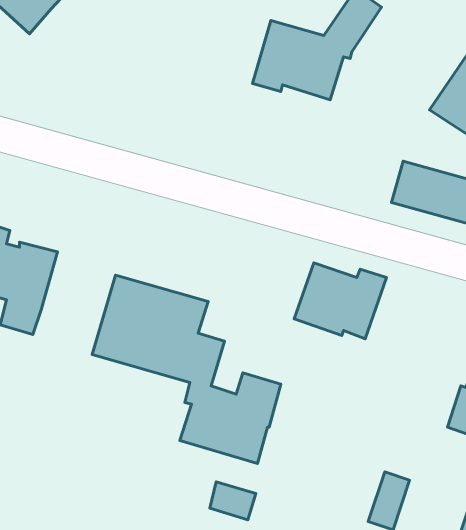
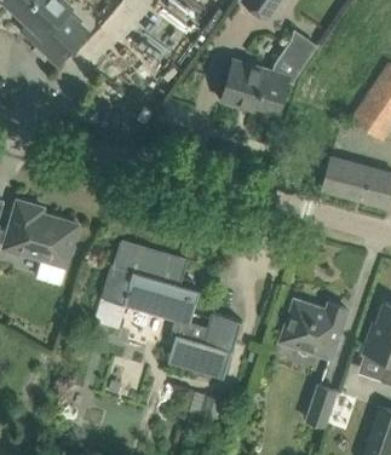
building: [294,263,387,339] -> [280,299,347,355]

